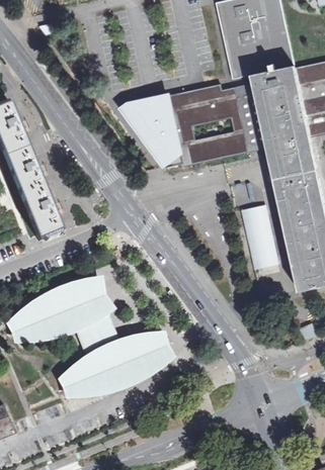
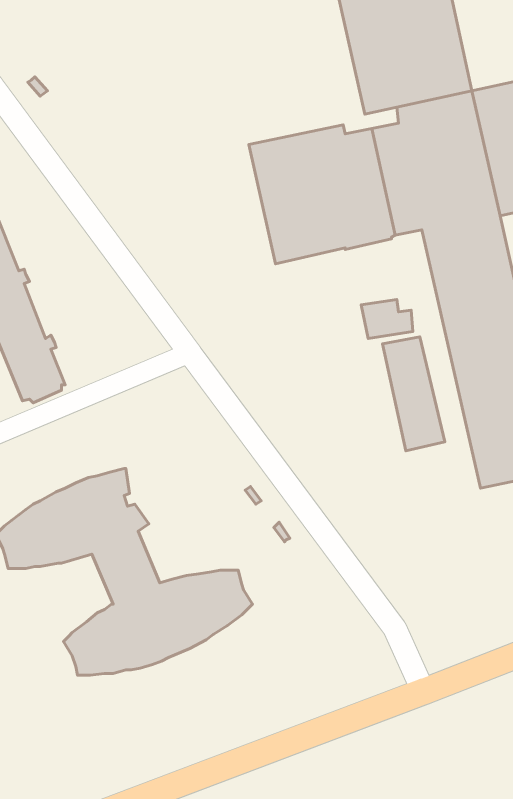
building: [120,95,181,167] -> none

